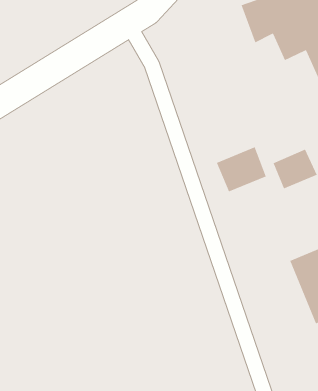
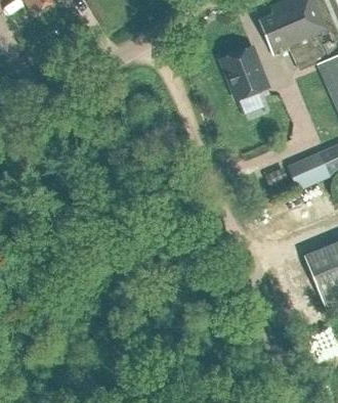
building: none -> [220,45,267,97]
building: [216,146,267,192] -> none

